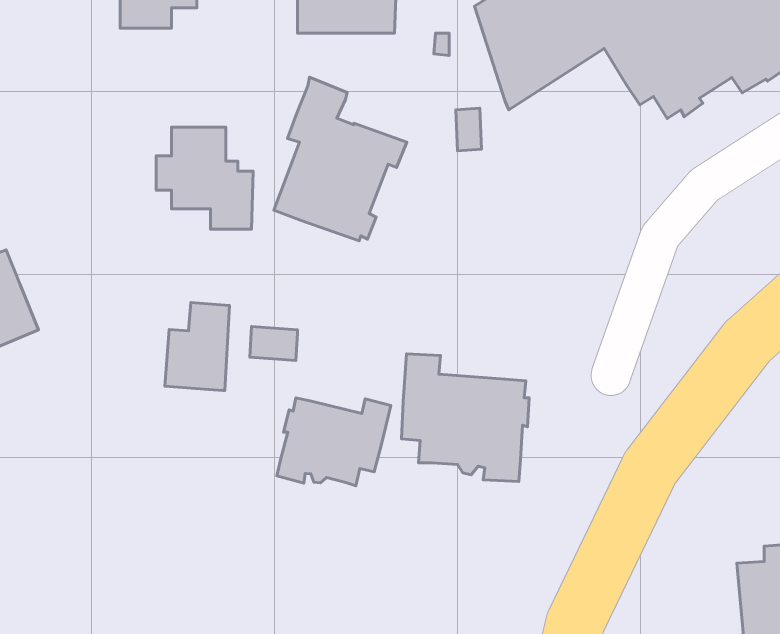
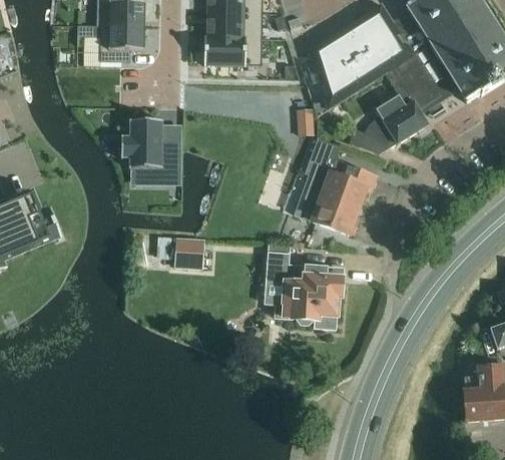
building: [274,77,407,241] -> [297,136,375,233]
building: none -> [350,94,429,146]
building: [165,302,230,391] -> none
building: [277,398,391,486] -> none

